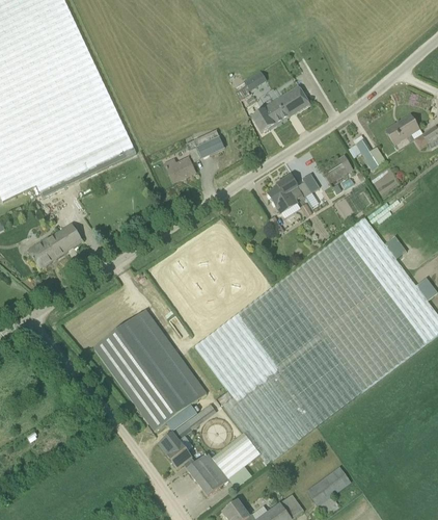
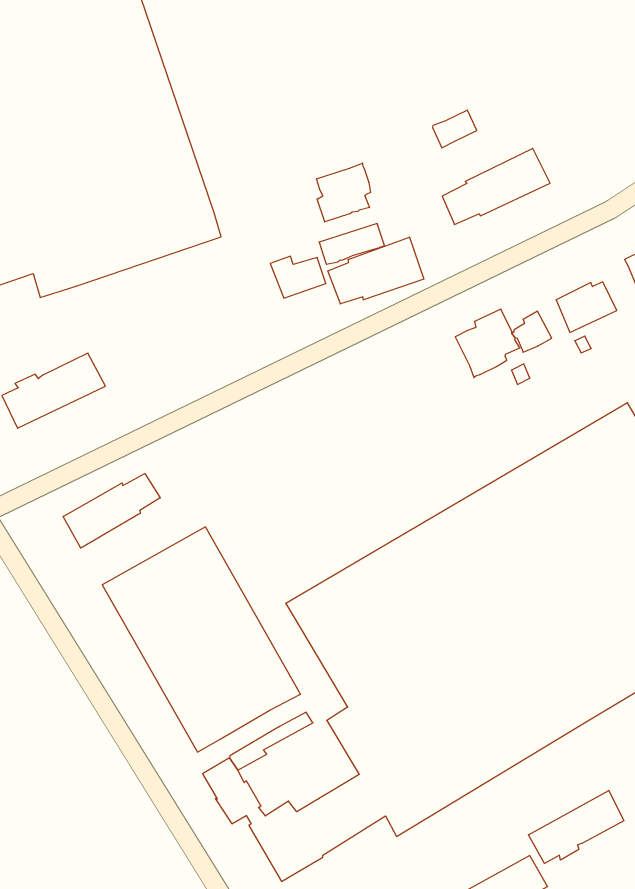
building: none -> [317,163,370,222]
building: none -> [328,237,424,304]
building: none -> [63,474,160,548]
building: none -> [528,790,624,863]

